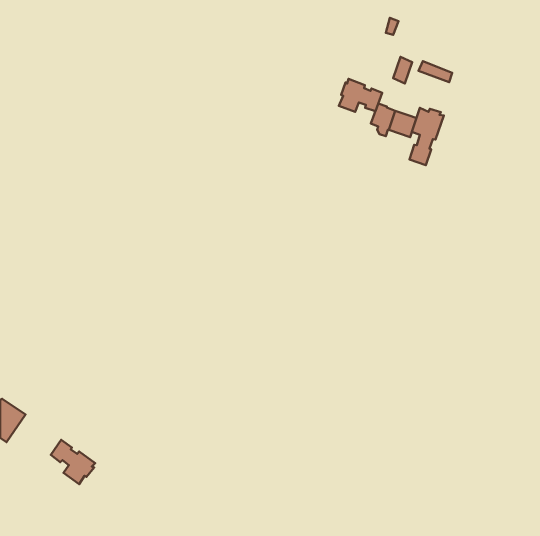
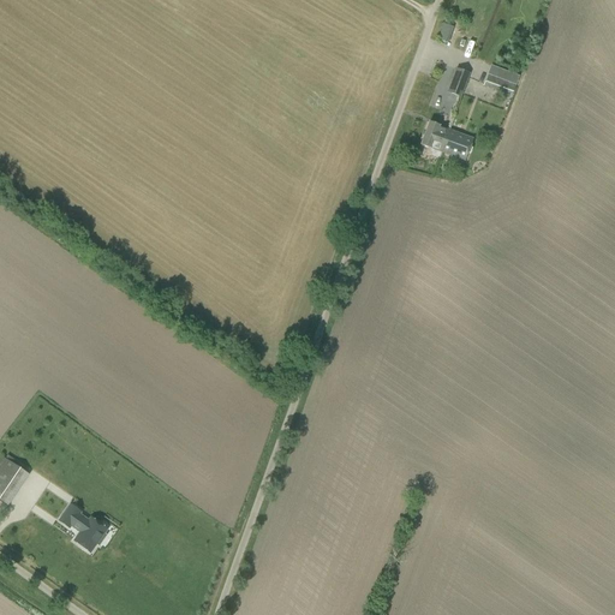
building: [339,79,382,112] -> none
building: [410,108,444,165] -> none

